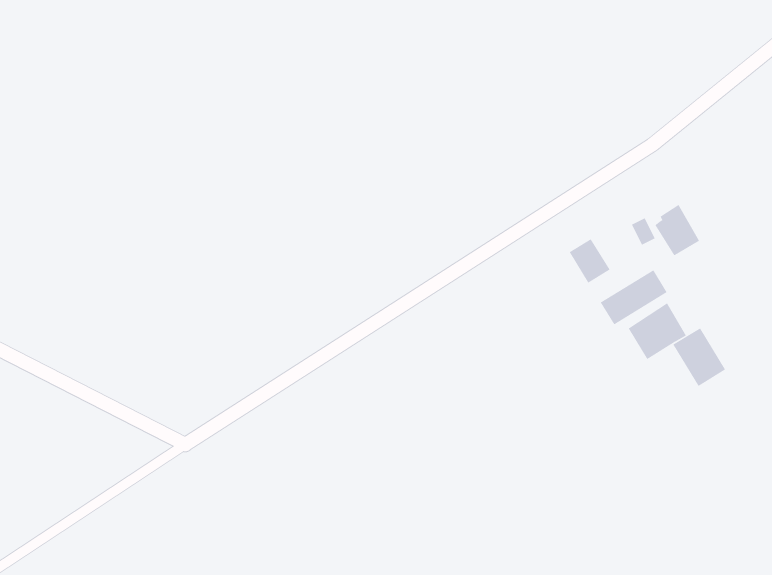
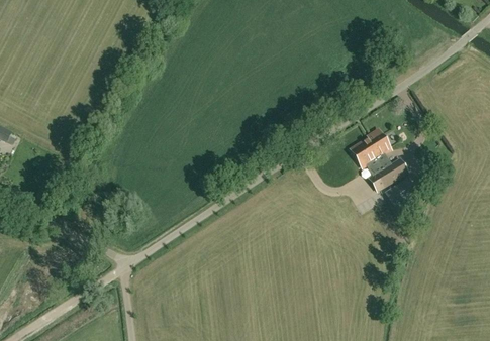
building: [655,204,700,256] -> [366,128,392,158]
building: [672,327,726,387] -> none

